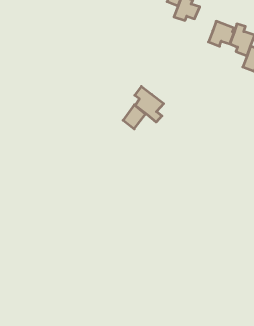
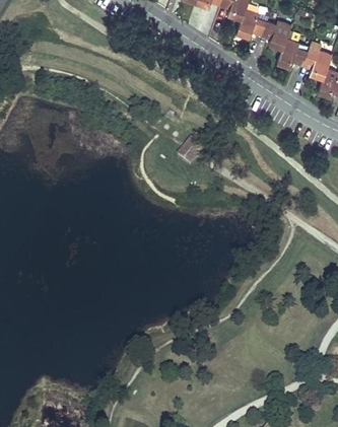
building: none -> [261,19,291,49]
building: [135,86,164,122] -> none

